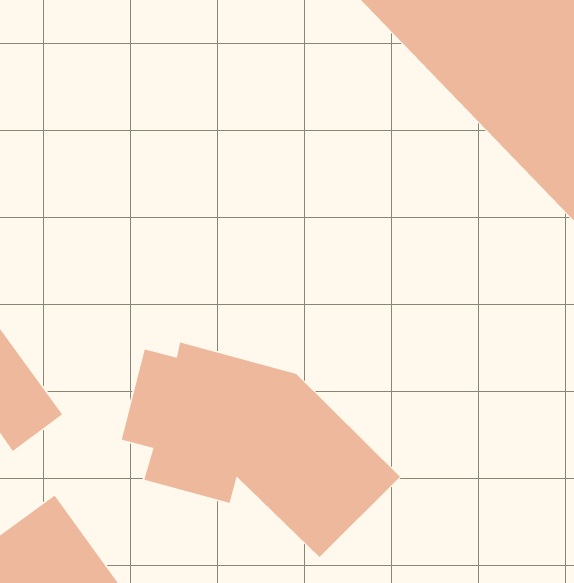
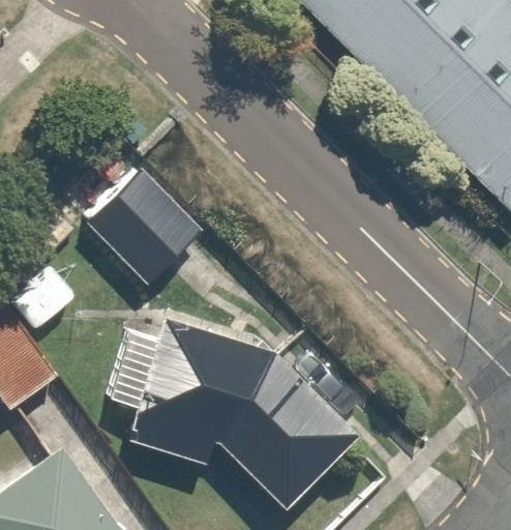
building: none -> [84,161,208,286]

